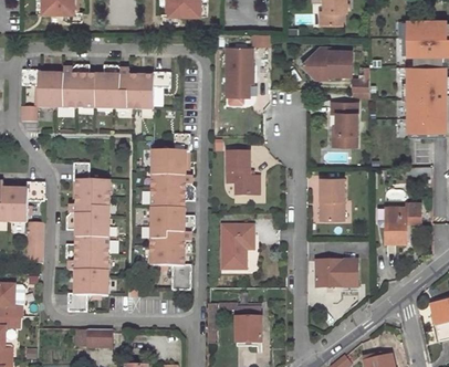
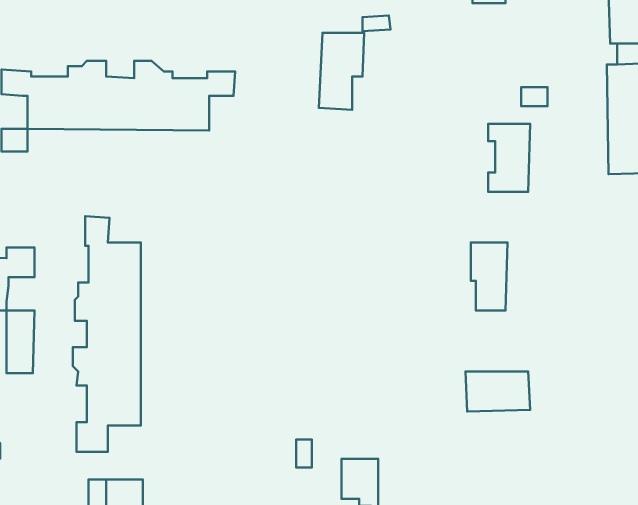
building: [301,49,351,81] -> none
building: [153,133,195,290] -> none
building: [224,150,257,193] -> none
building: [378,203,419,242] -> none
building: [220,224,252,268] -> none

